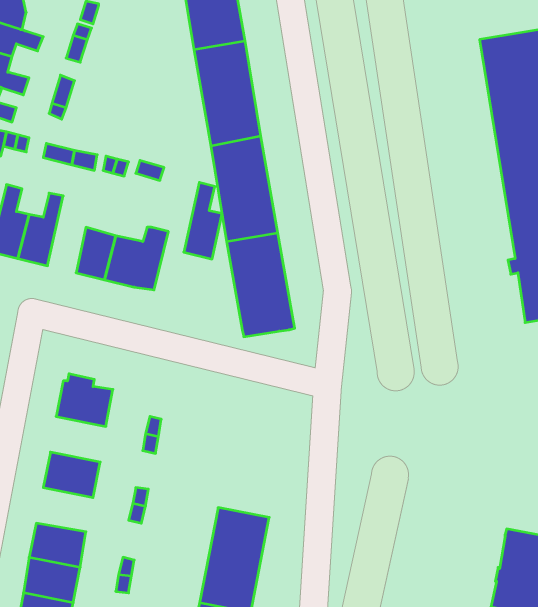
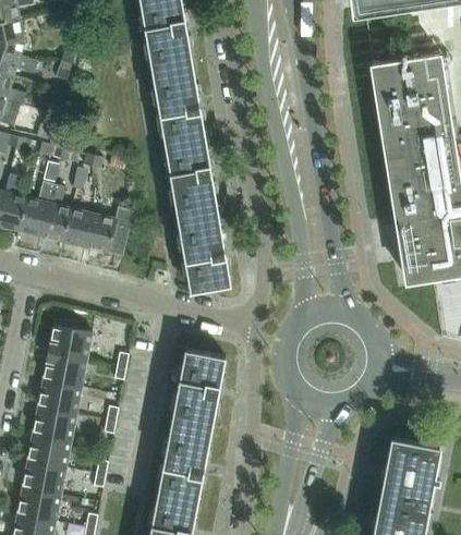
building: [184,182,222,259] -> [40,184,70,243]
building: none -> [171,350,225,430]
building: none -> [43,353,85,388]
building: none -> [32,408,75,441]

